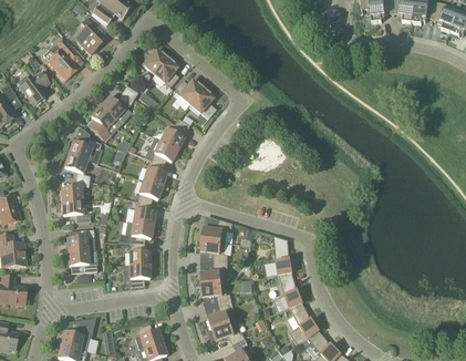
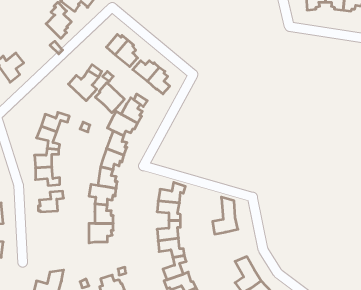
building: [42,37,79,79] -> none
building: [86,106,120,141] -> [95,83,124,113]
building: [65,250,96,271] -> none
building: [272,271,302,312] -> none

